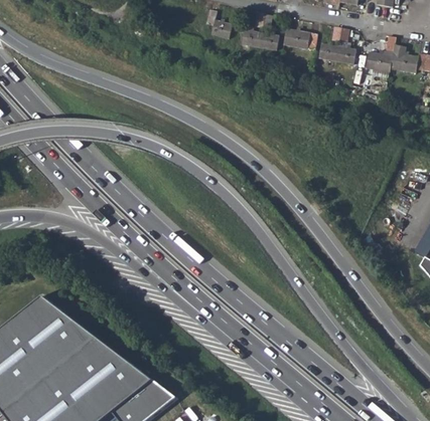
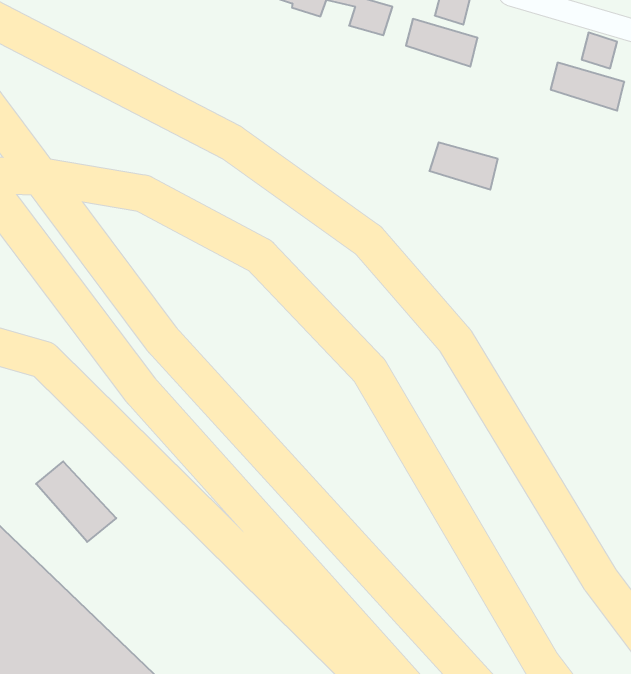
building: [282,28,316,49] -> [429,142,498,190]
building: none -> [36,461,116,542]

